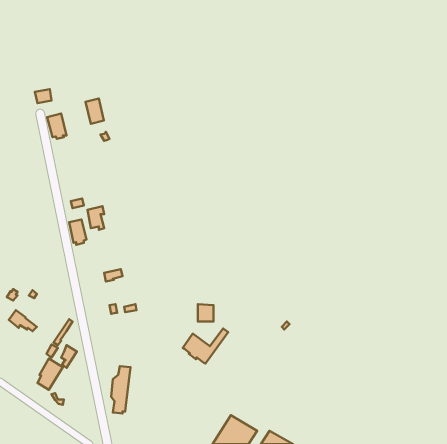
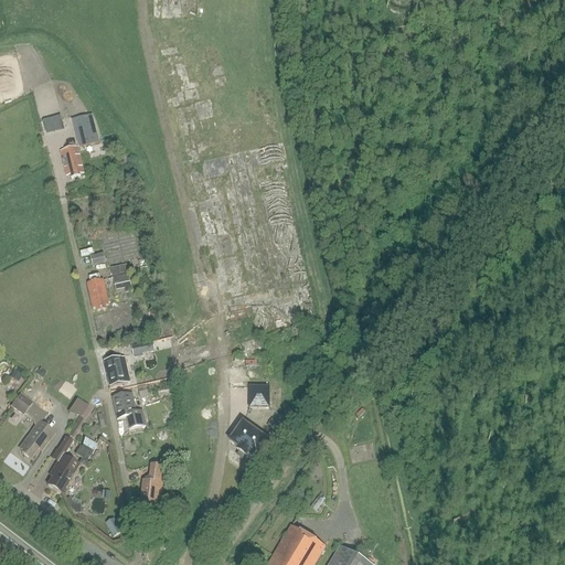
building: [86,99,104,124] -> [75,113,98,145]
building: none -> [105,355,129,385]
building: none -> [113,392,146,427]
building: none -> [20,419,55,457]

